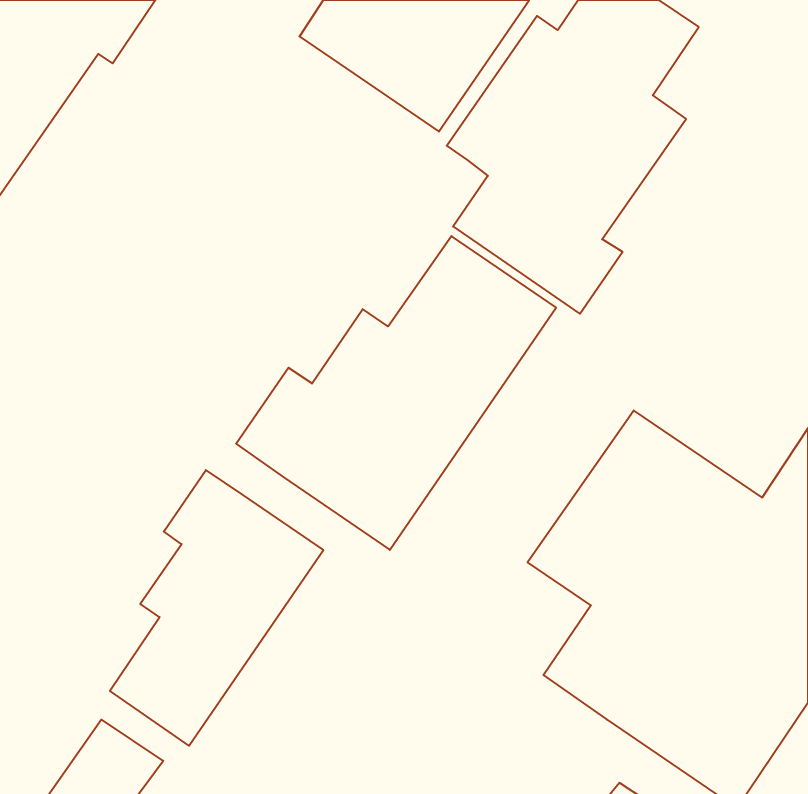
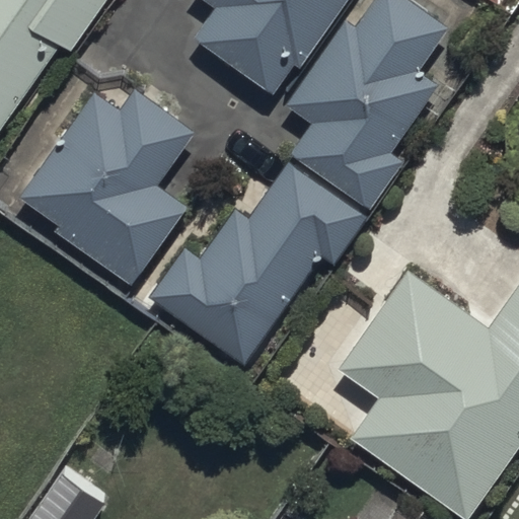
building: none -> [18,89,199,280]
building: [110,470,323,746] -> none

